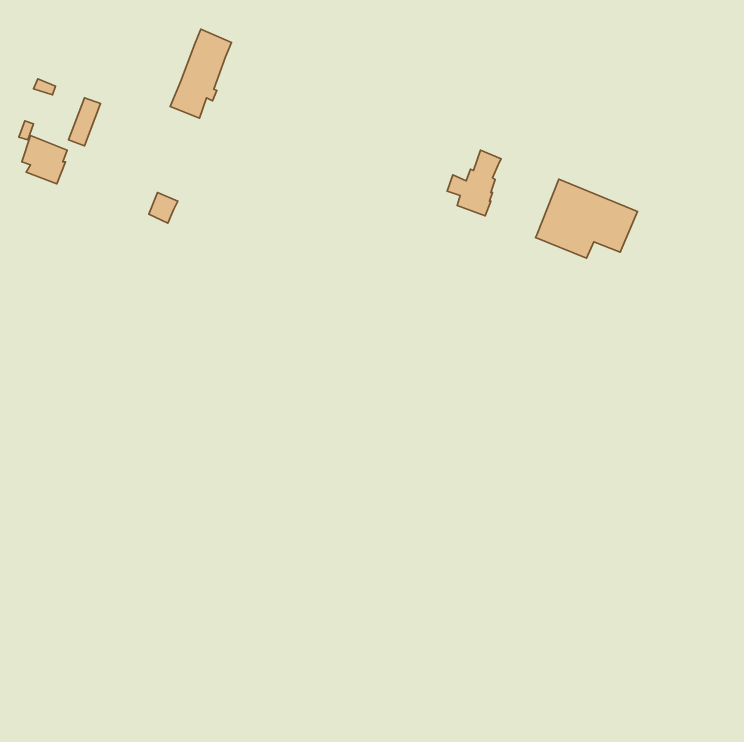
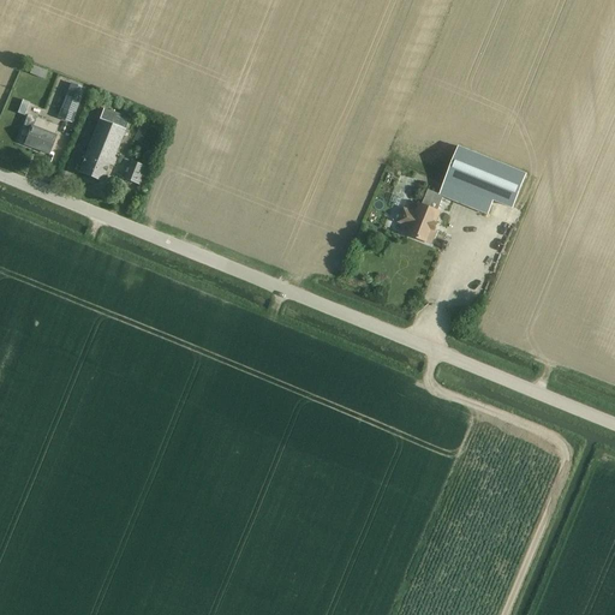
building: [170,29,231,118] -> [77,106,127,179]
building: [447,150,501,216] -> [398,186,442,240]

